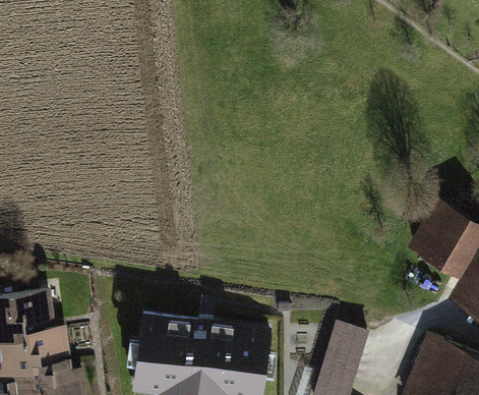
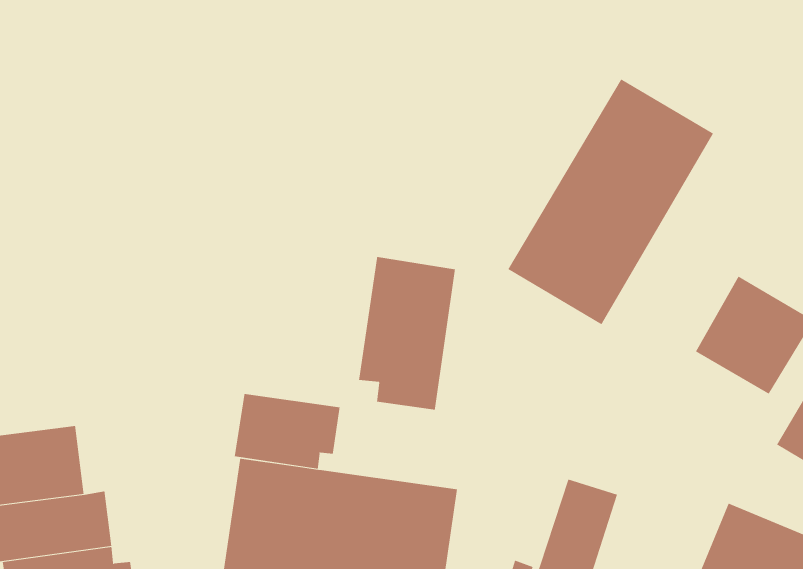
building: none -> [508,79,714,325]
building: none -> [358,256,456,411]
building: none -> [234,393,340,469]

